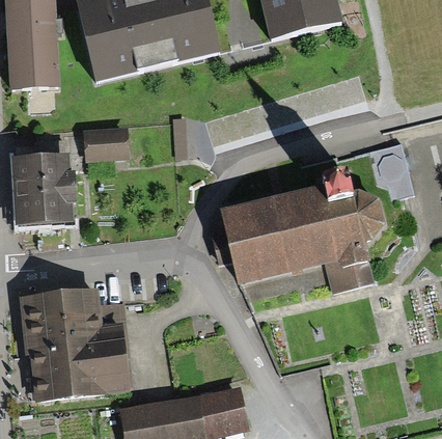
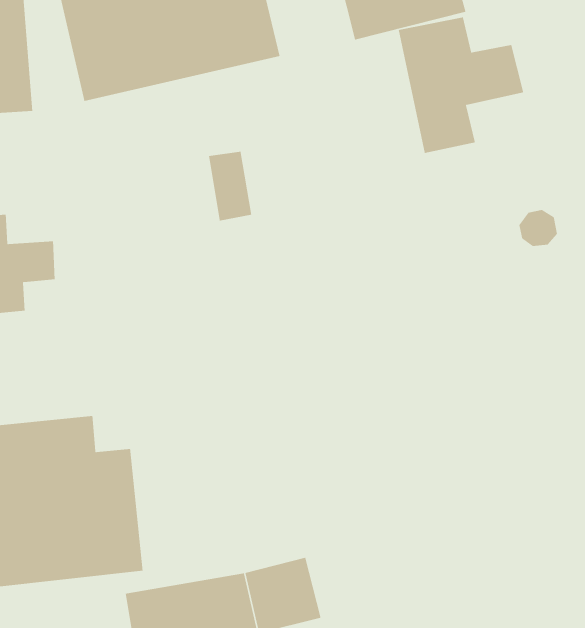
building: none -> [398,16,524,154]
building: [84,128,126,158] -> none
building: [221,174,384,291] -> none

